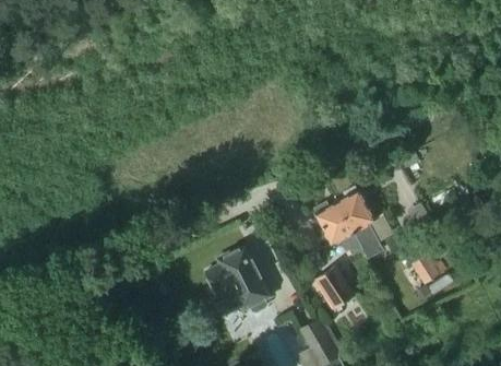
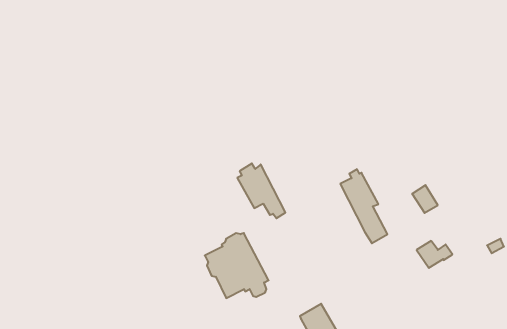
building: [315,200,362,253] -> [237,163,285,218]
building: [317,267,355,308] -> none

